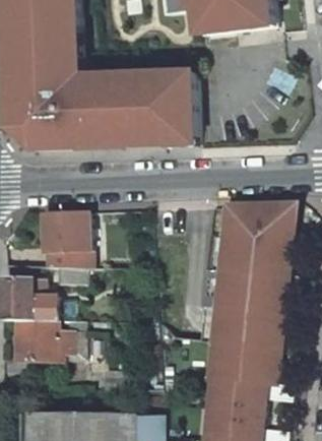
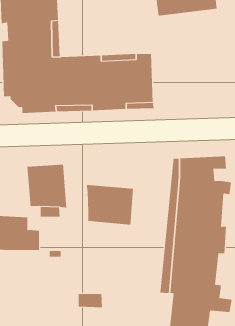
building: none -> [86,184,134,225]
building: [15,318,70,358] -> none

